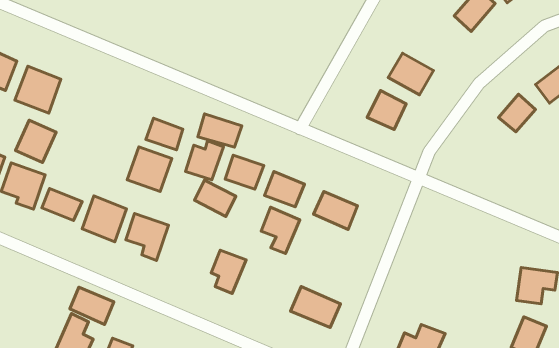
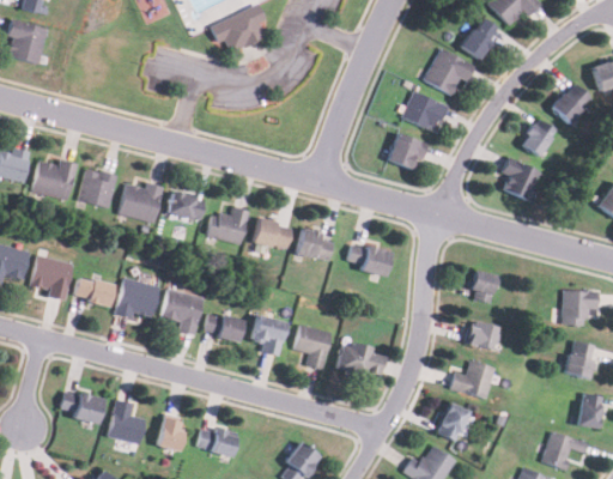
building: none -> [424,49,472,97]
building: [198,114,242,147] -> none
building: [15,120,56,163] -> [79,168,117,208]
building: none -> [503,158,540,200]
building: [127,147,172,191] -> [120,181,162,223]
building: [195,180,236,216] -> [204,310,244,344]
building: [261,207,300,254] -> [295,325,332,369]
building: none -> [468,271,496,303]
building: none -> [465,320,498,350]
building: [70,287,114,324] -> [60,389,103,423]

